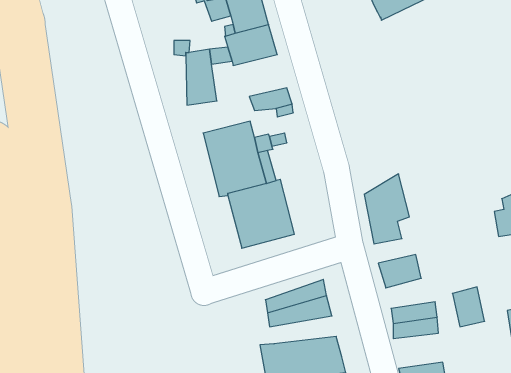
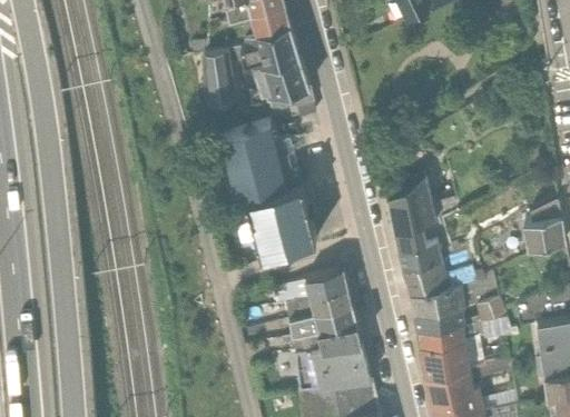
building: none -> [253,59,308,102]
building: none -> [399,246,442,275]
building: none -> [274,271,346,316]
building: none -> [411,288,465,321]
building: none -> [282,329,360,358]
building: none -> [419,347,470,384]

